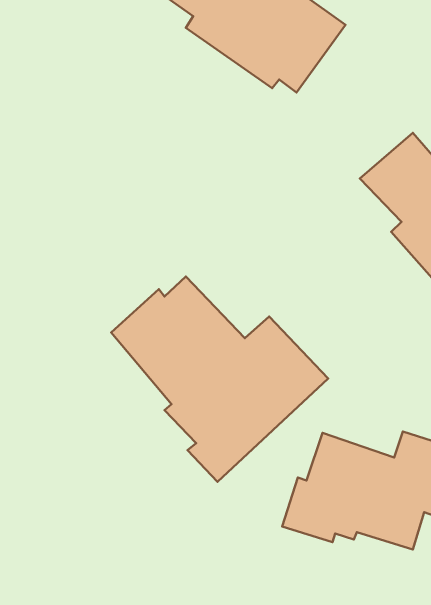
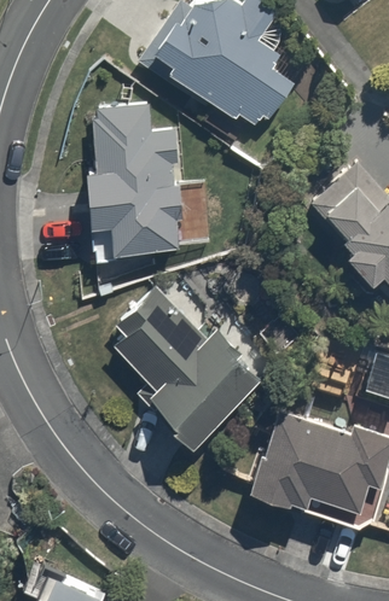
building: none -> [85,109,213,266]

